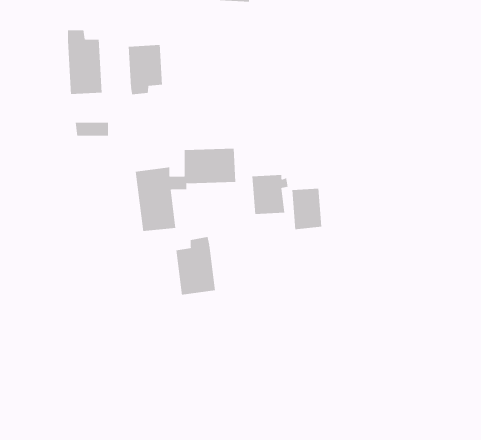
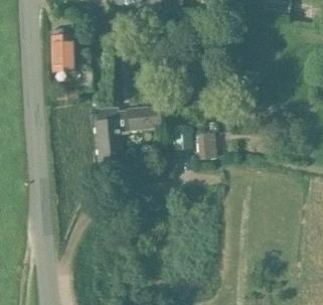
building: [128,44,162,95] -> none
building: [176,236,216,295] -> none

